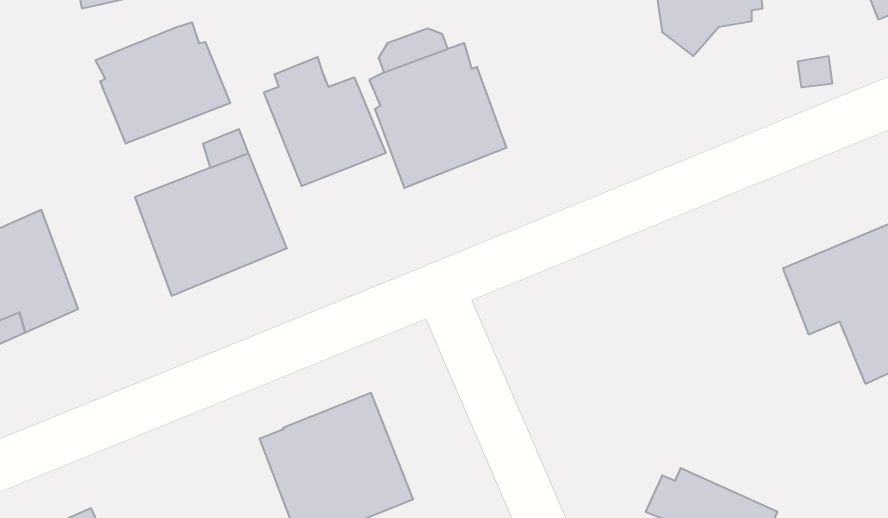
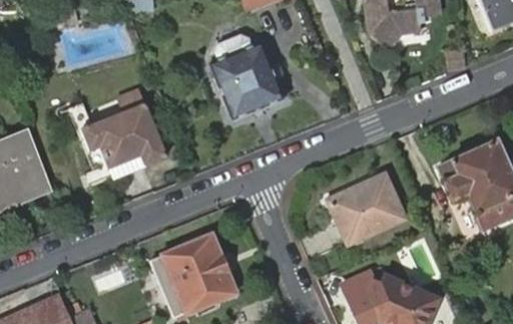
building: [96,22,230,144] -> none
building: [264,57,386,186] -> none
building: none -> [330,176,403,241]

